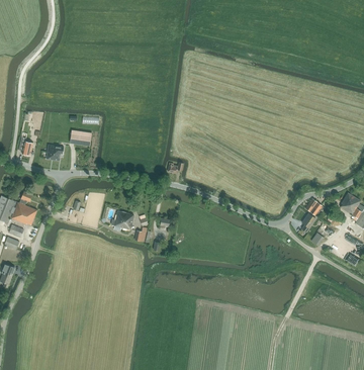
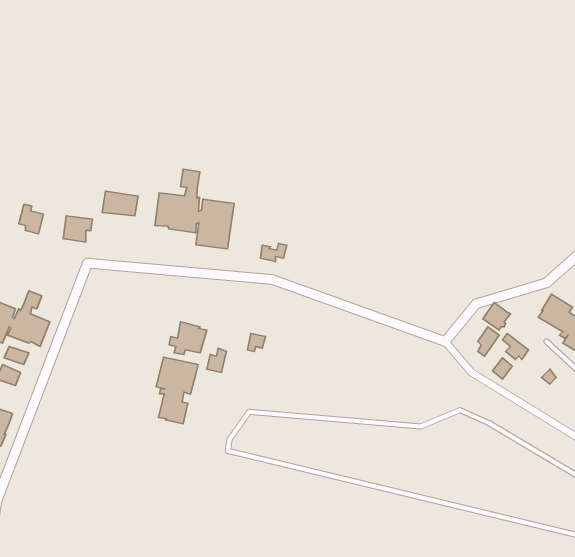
building: none -> [155,169,234,249]
building: none -> [156,357,198,424]

